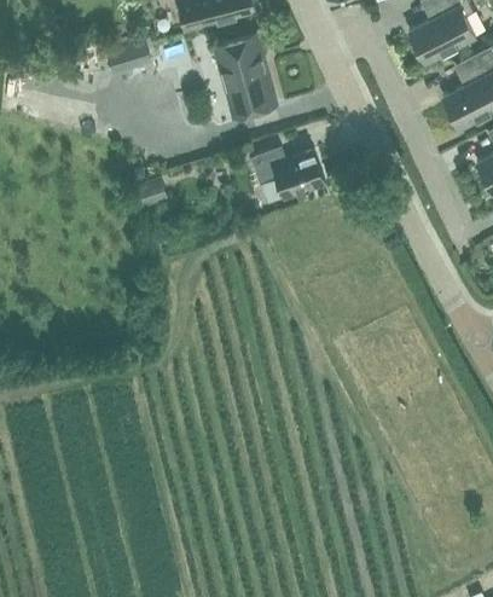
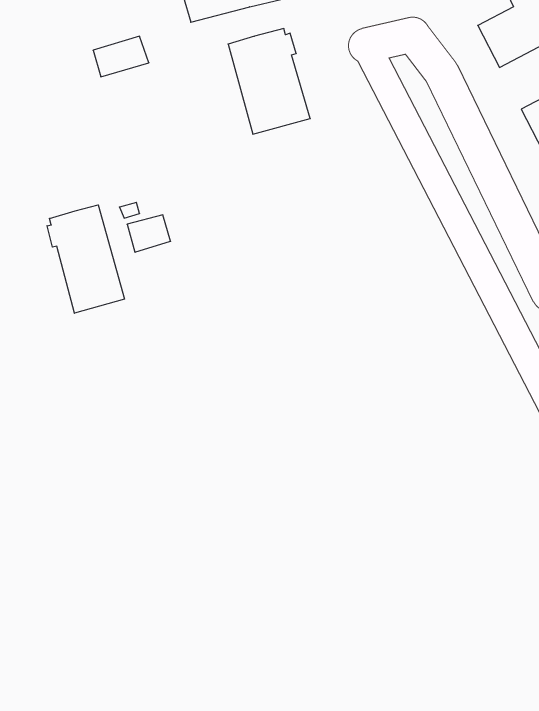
building: [251,146,327,197] -> none
building: none -> [47,205,124,313]

